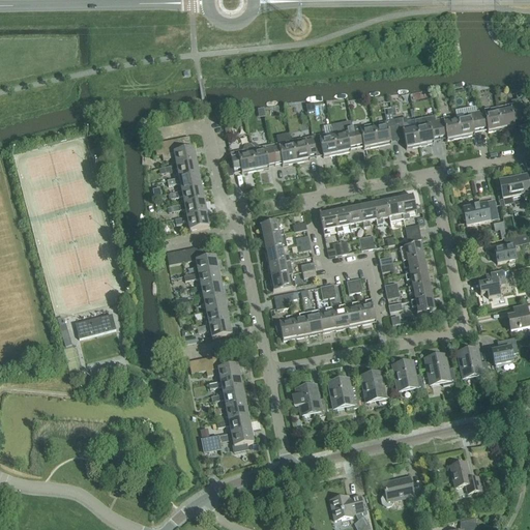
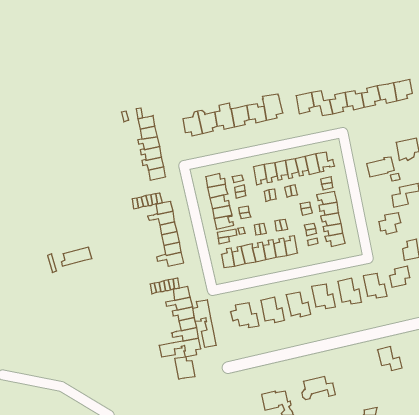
building: [353,121,378,147] -> none
building: none -> [193,300,216,347]
building: none -> [175,357,195,379]
building: [450,462,481,492] -> [377,347,402,370]

